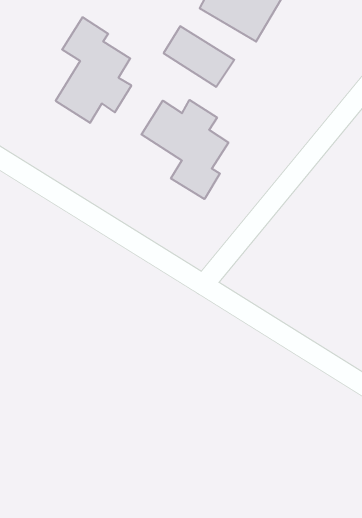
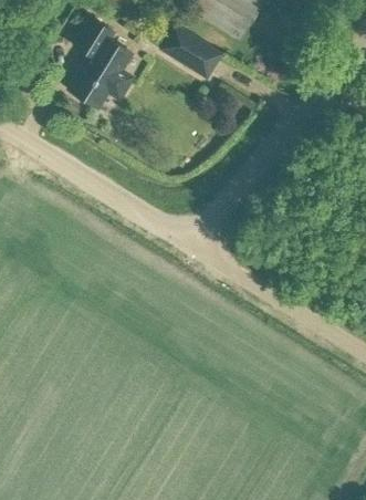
building: [141,100,228,199] -> none

